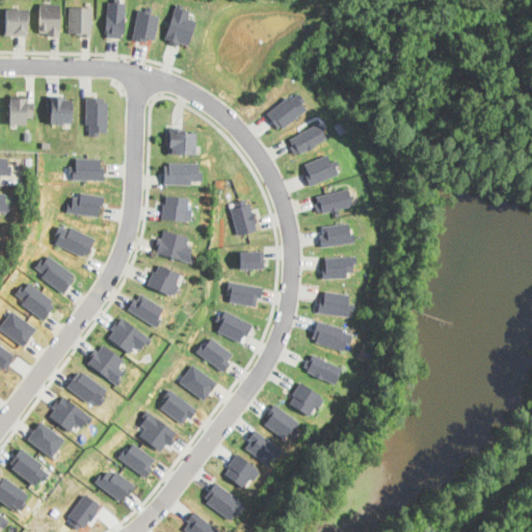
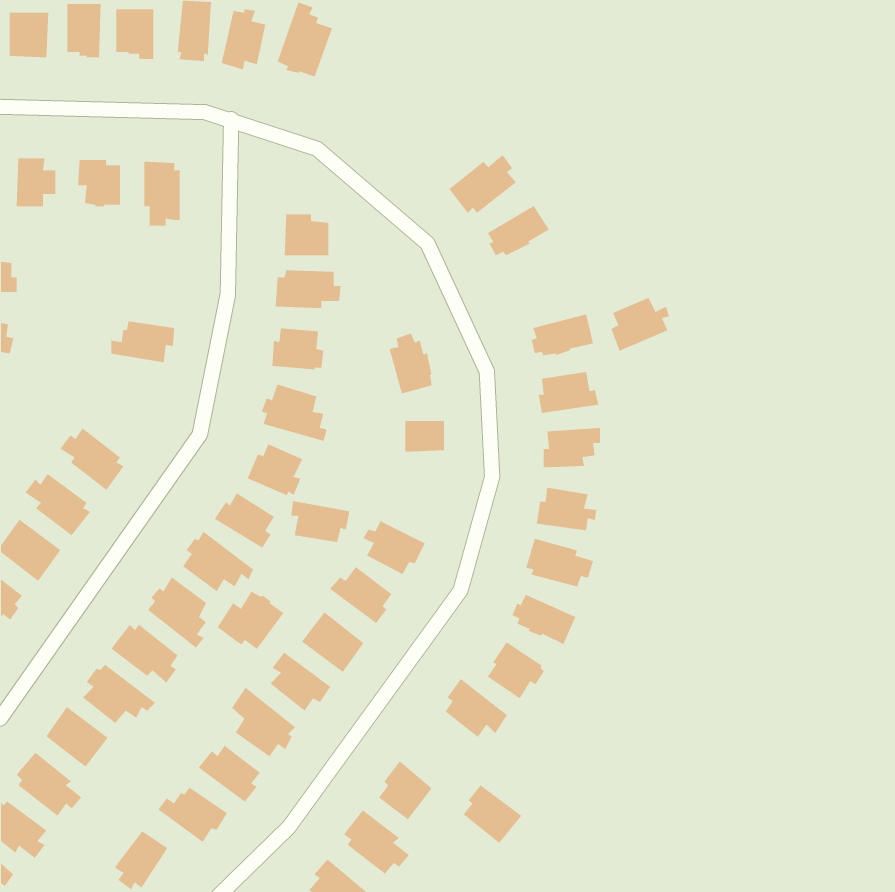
building: [303,155,339,187] -> [610,297,670,352]
building: [68,158,104,181] -> none
building: [55,227,96,257] -> none
building: [228,282,263,307] -> [290,500,350,543]
building: none -> [217,591,284,650]
building: [244,430,280,466] -> [463,784,522,844]

